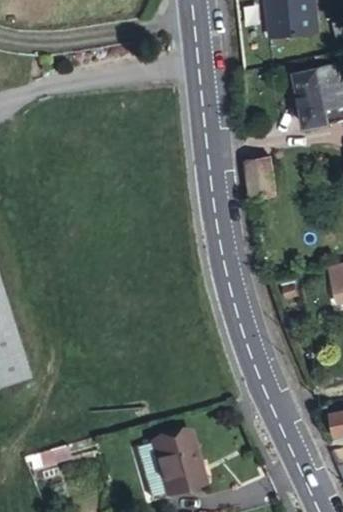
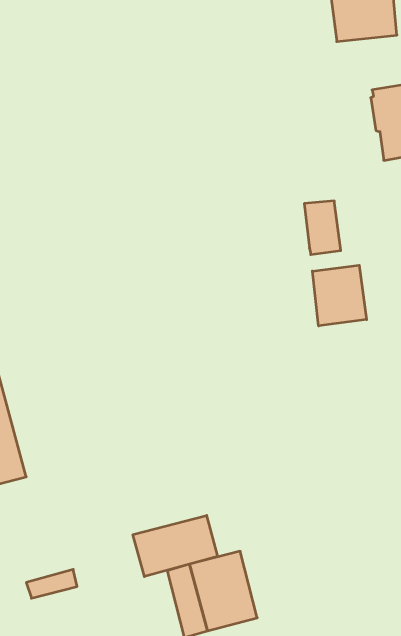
building: none -> [312,265,367,326]
building: none -> [133,515,217,577]

